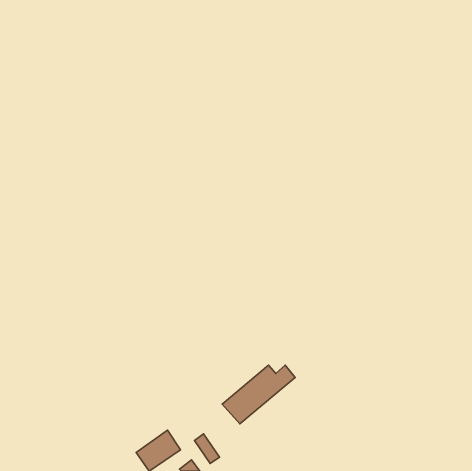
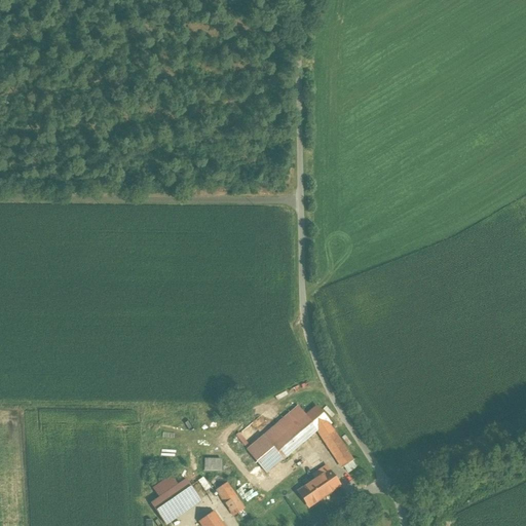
building: none -> [316,418,352,465]
building: none -> [298,464,339,504]

